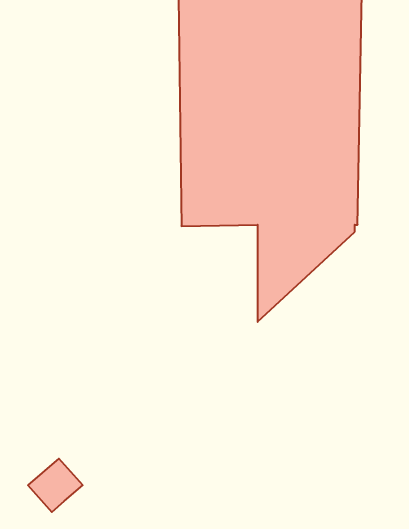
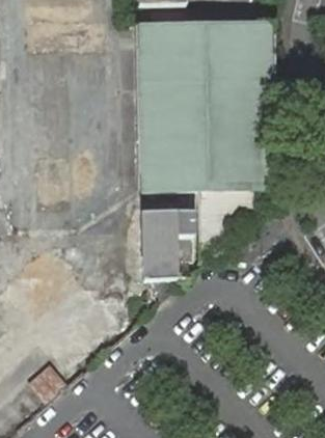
building: none -> [141,211,192,309]

